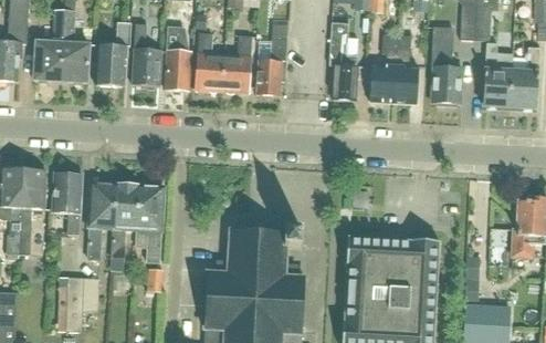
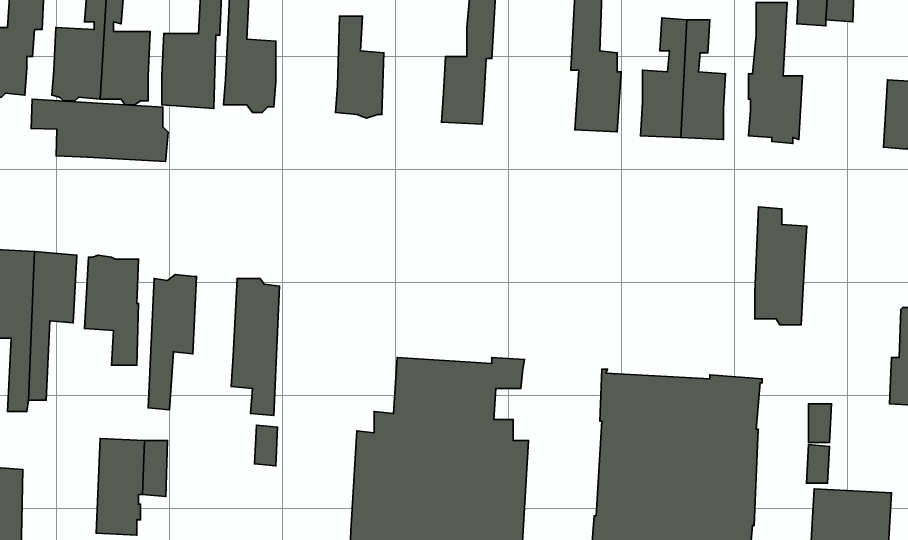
building: [164,31,191,89] -> none
building: [221,34,251,92] -> none
building: [482,40,512,107] -> [755,207,807,325]
building: none -> [31,99,168,161]
building: [109,180,139,269] -> none

